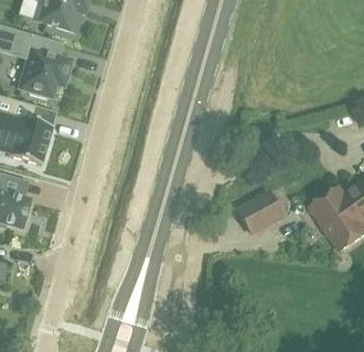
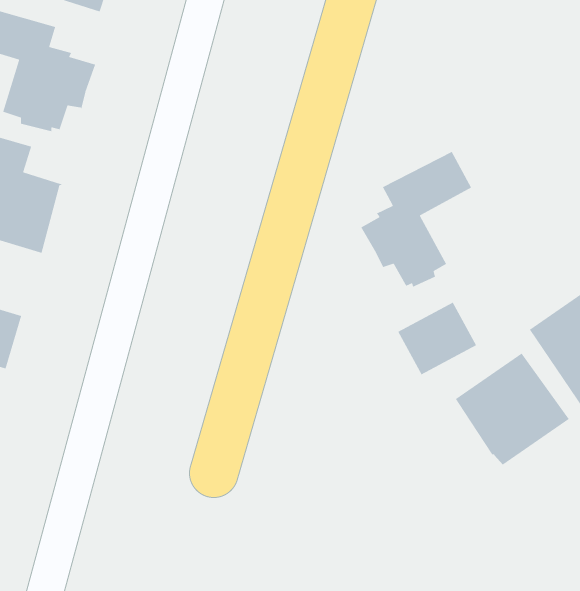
building: none -> [360,151,472,288]
building: none -> [455,352,570,465]

